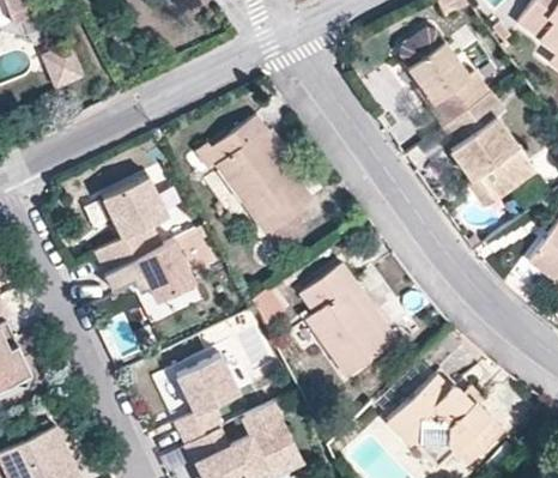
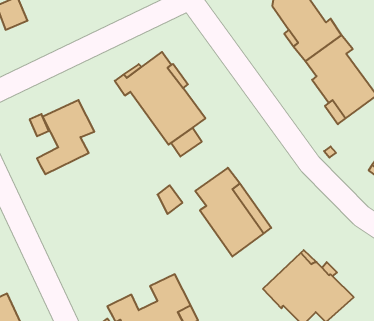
building: [103,240,195,302] -> none
building: [174,355,239,444] -> none

